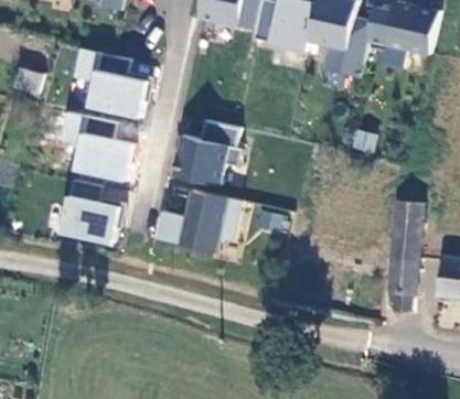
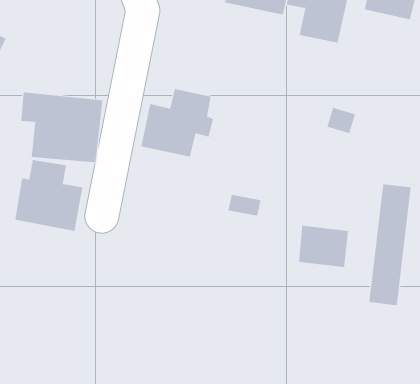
building: [71,54,149,123] -> none
building: [156,184,242,246] -> none
building: none -> [299,225,348,268]

